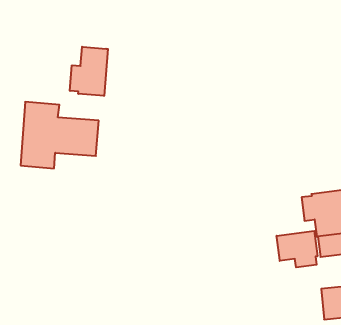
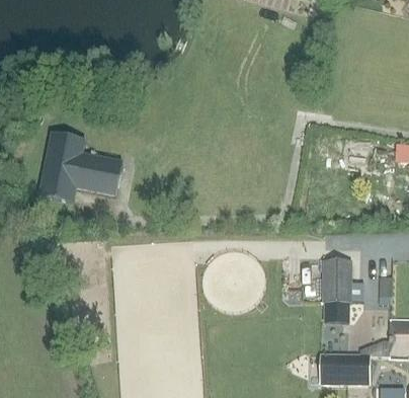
building: [70,47,108,96] -> none
building: [277,231,317,267] -> none

